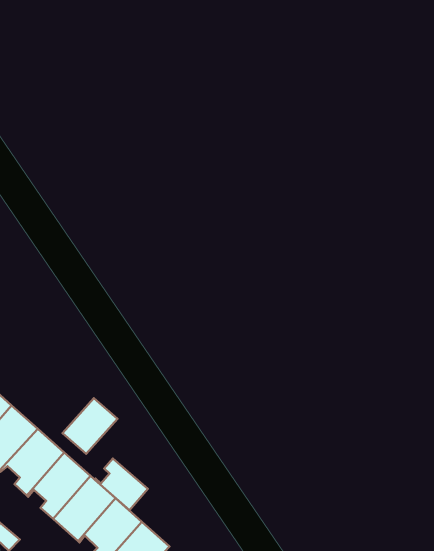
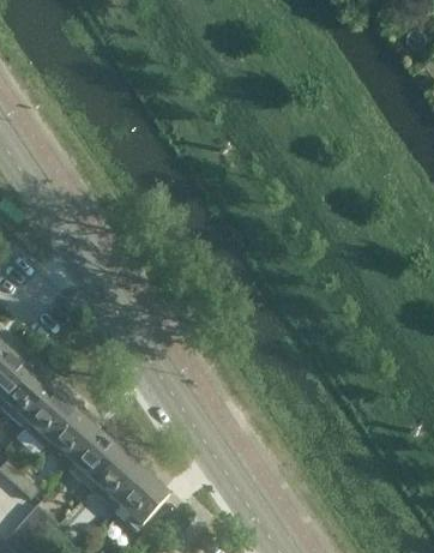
building: [63,398,117,454] -> none
building: [95,458,148,510] -> none

